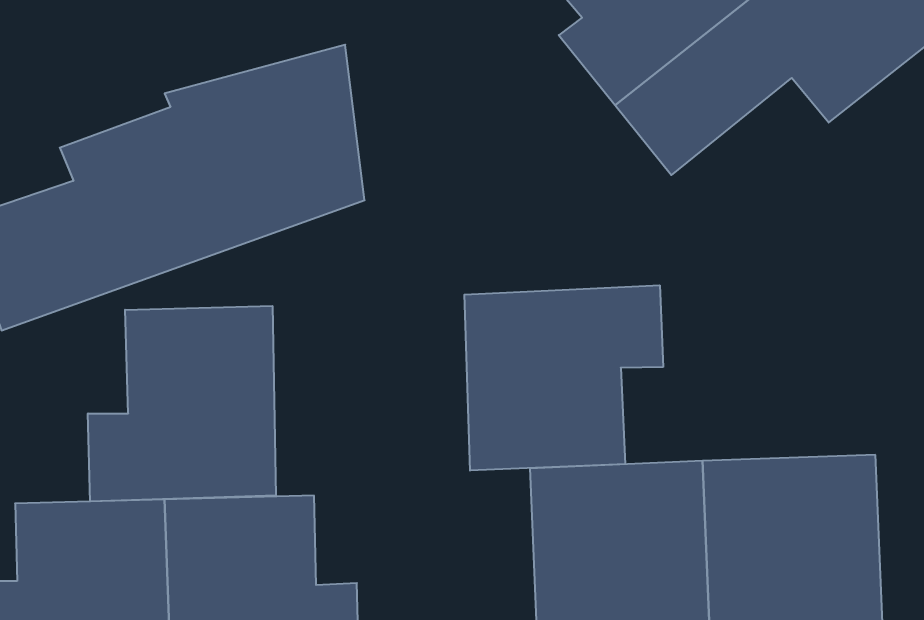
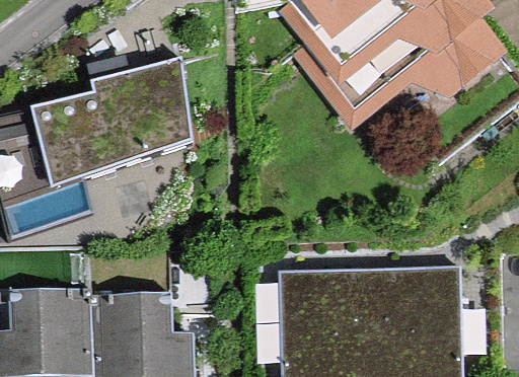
building: [464,285,663,471] -> none
building: [88,306,276,501] -> none

